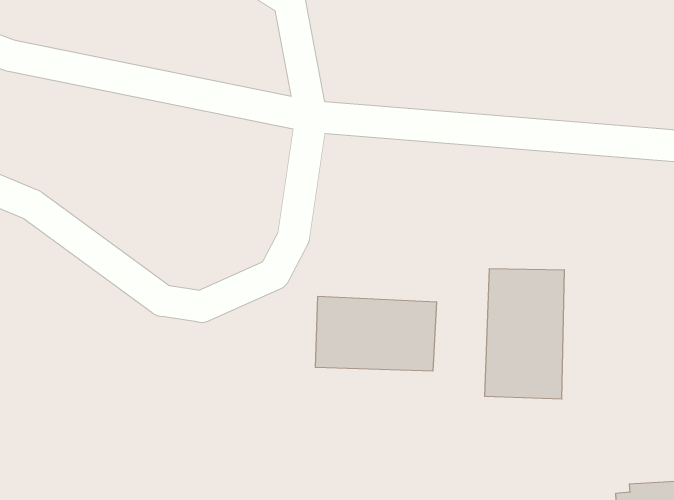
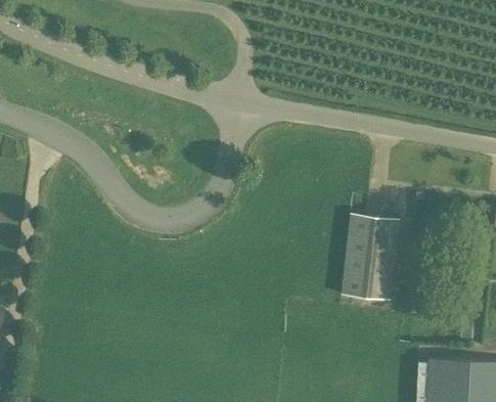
building: [315,296,436,371] -> none

